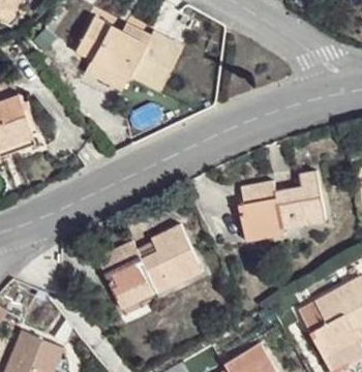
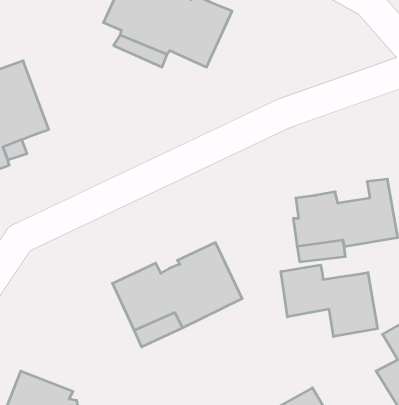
building: none -> [281,265,378,337]

